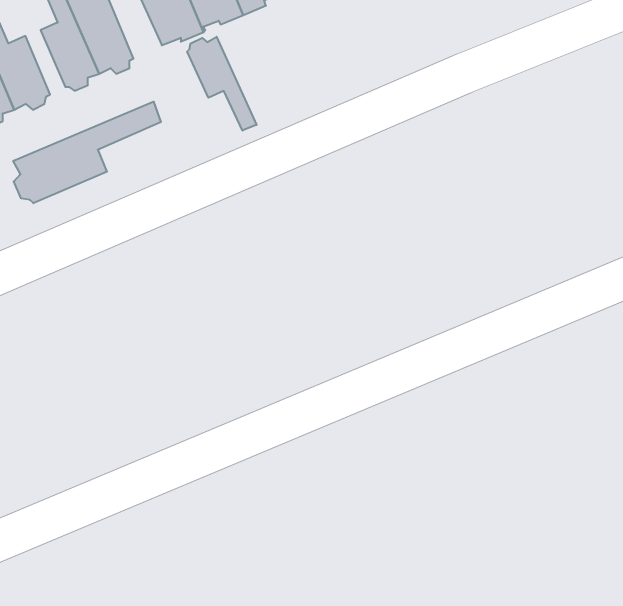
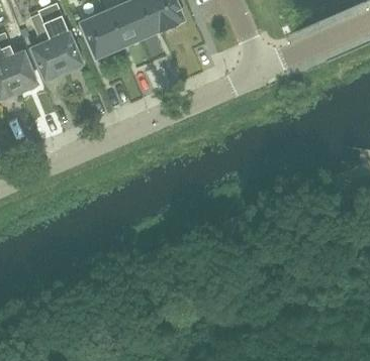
building: [187,37,257,131] -> none
building: [13,102,161,203] -> none

